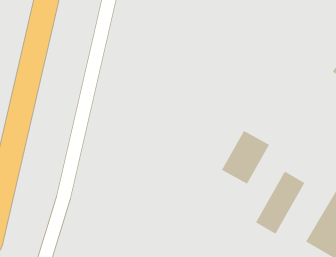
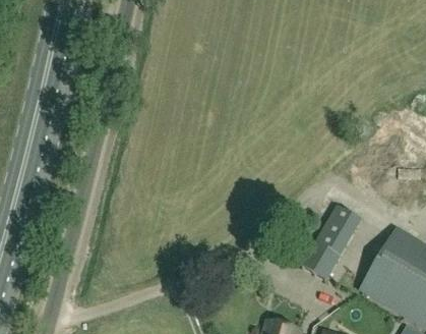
building: [221,130,270,185] -> none

